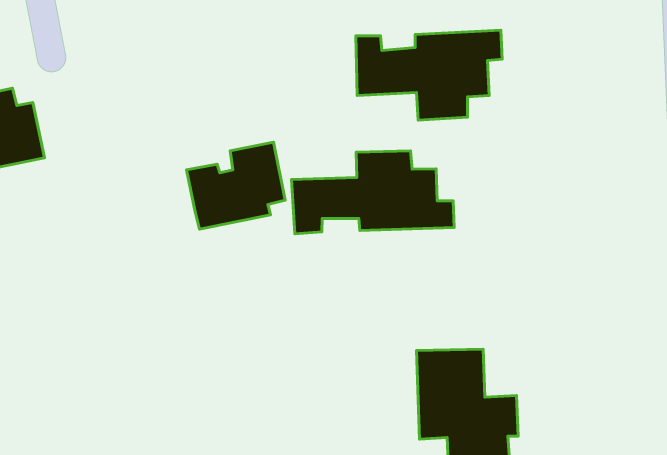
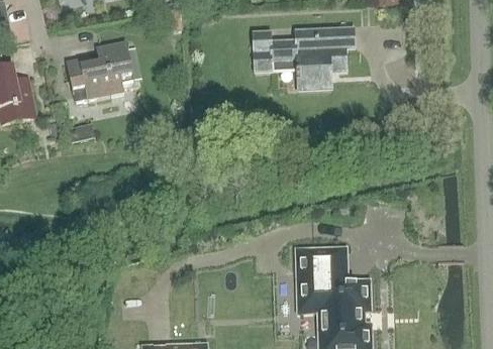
building: [187,142,285,229] -> [65,40,133,101]
building: [292,151,454,234] -> none

